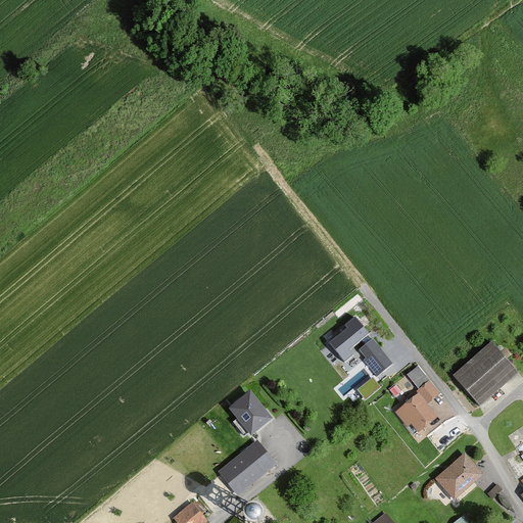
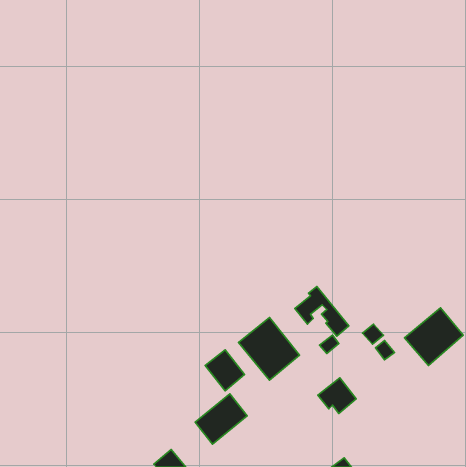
building: none -> [238,318,300,380]
building: [394,392,437,432] -> [318,378,356,413]
building: [436,454,484,500] -> none

